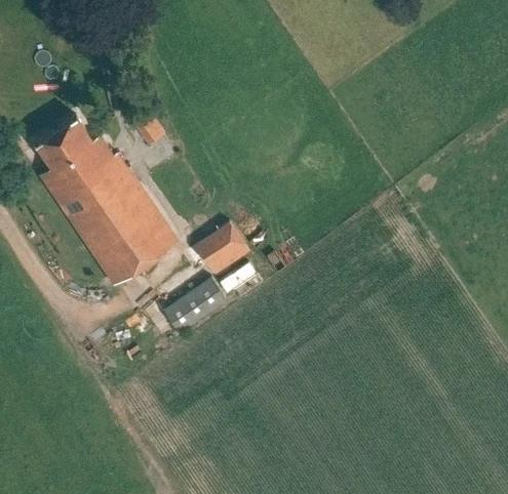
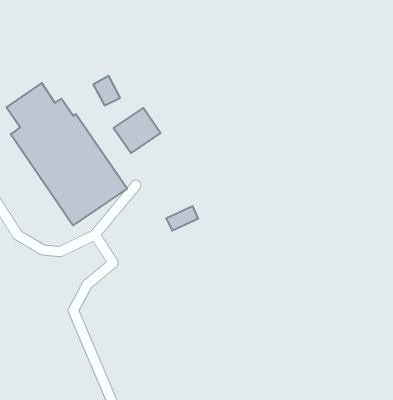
building: [195,222,250,276] -> [114,108,161,153]
building: [163,277,226,331] -> none

